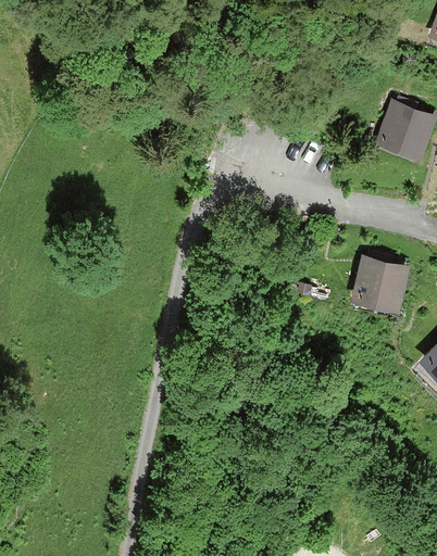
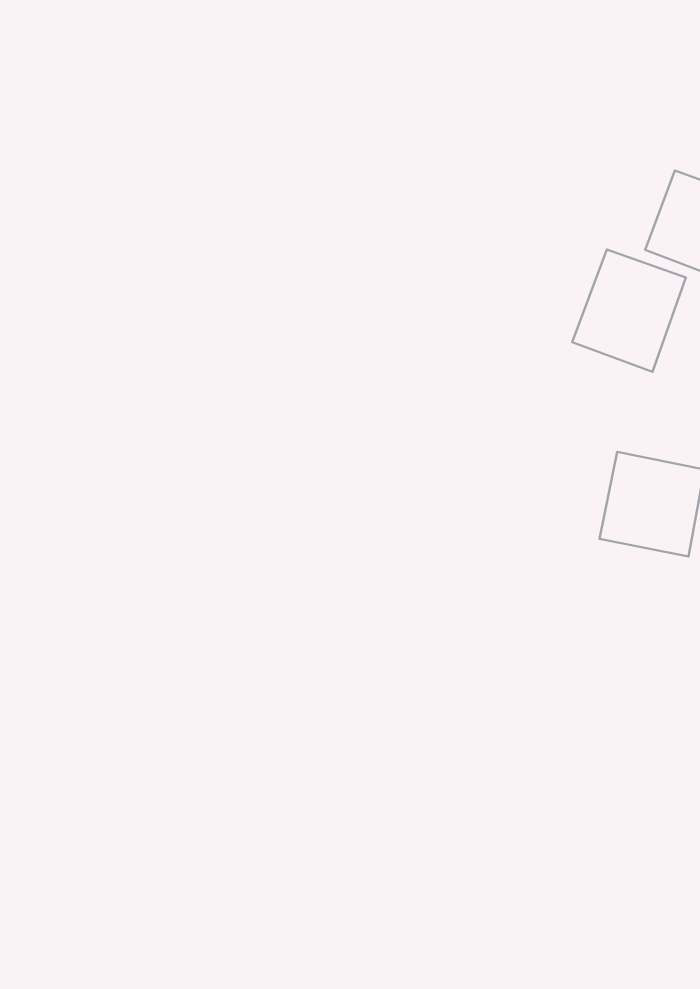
building: none -> [572,249,686,372]

